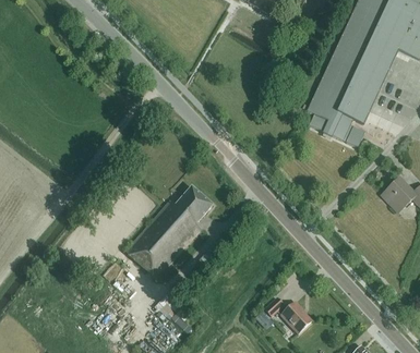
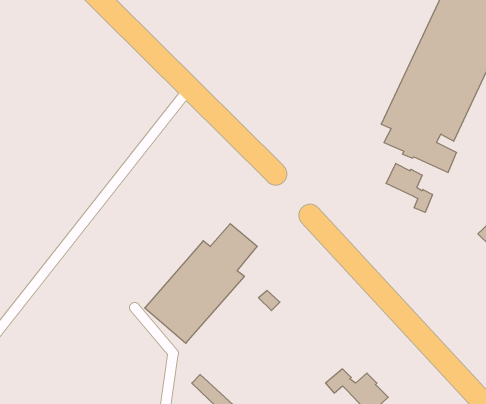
building: none -> [386,163,432,212]

